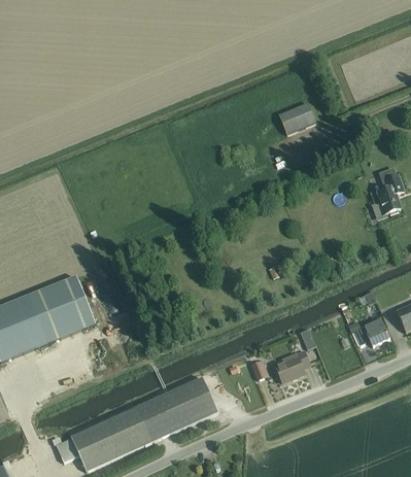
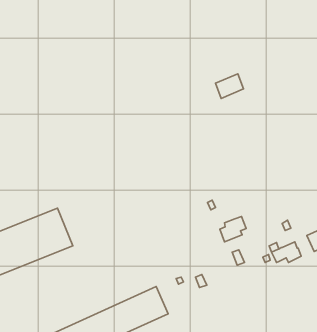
building: [371,166,404,219] -> none
building: [276,349,310,382] -> [220,216,246,242]

